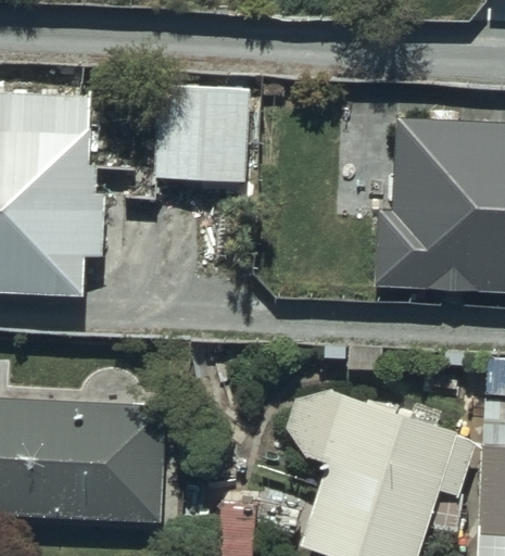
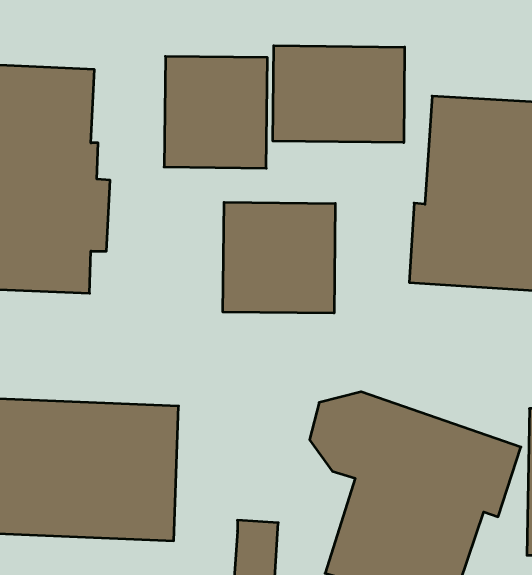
building: none -> [273,46,405,143]
building: none -> [223,202,335,313]

